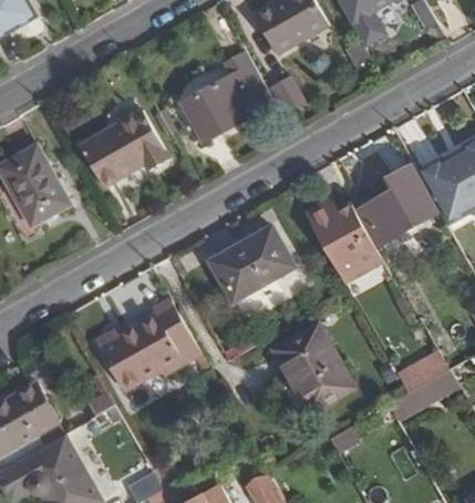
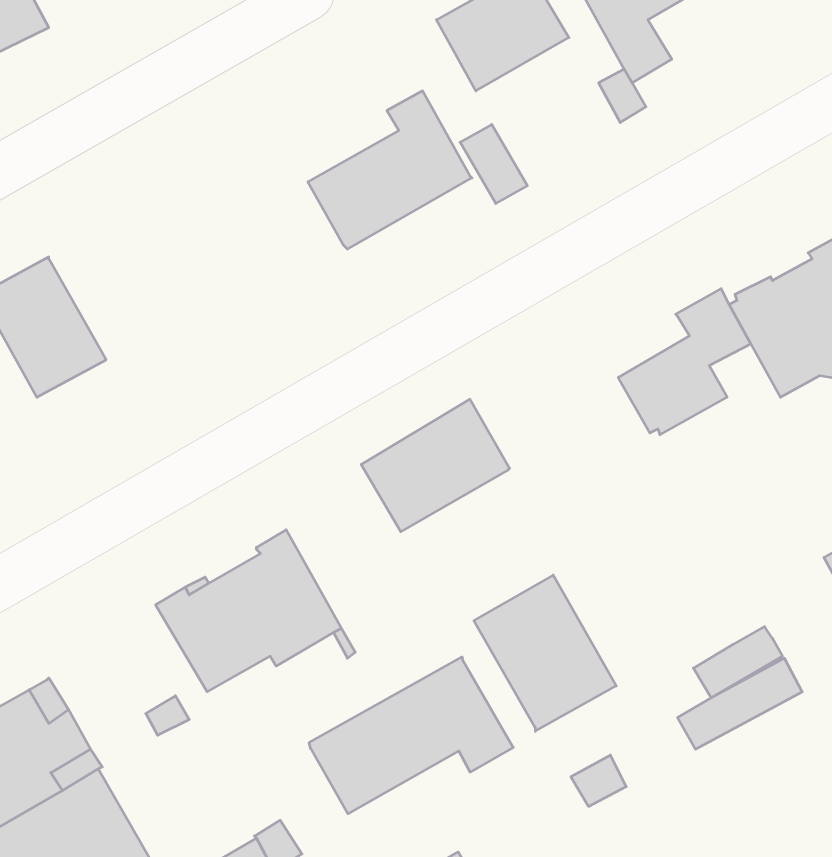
building: [79,109,167,186] -> none
building: [304,202,380,280] -> none
building: none -> [309,657,513,814]

